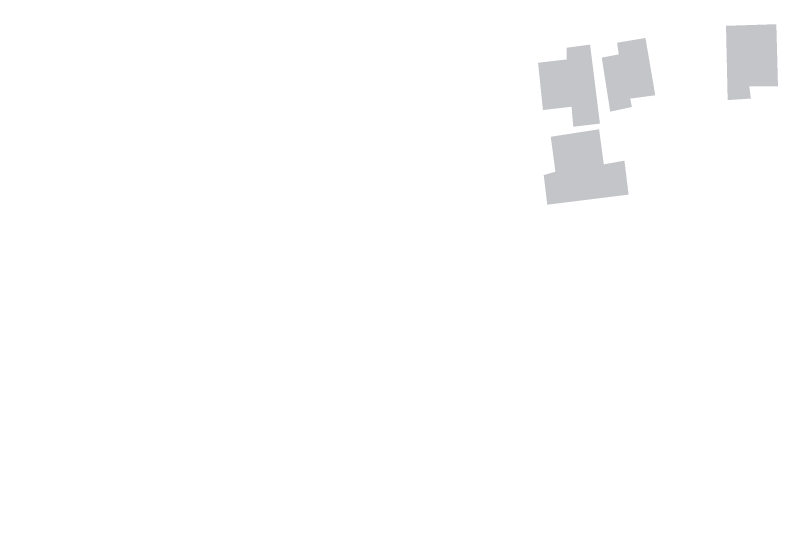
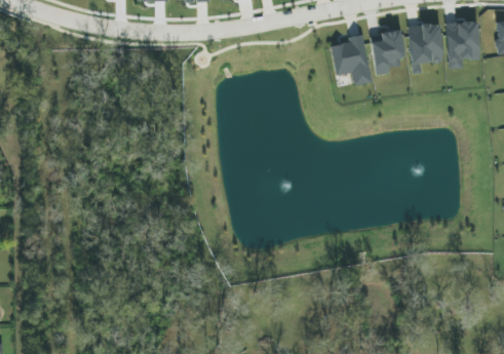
building: none -> [409,24,442,63]
building: [543,129,630,205] -> none

